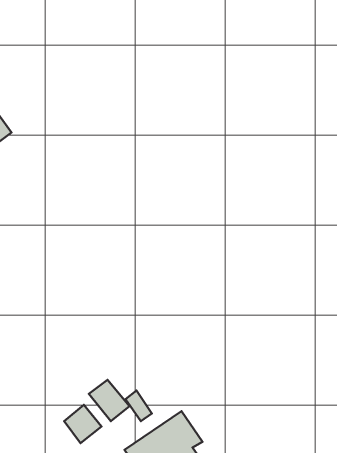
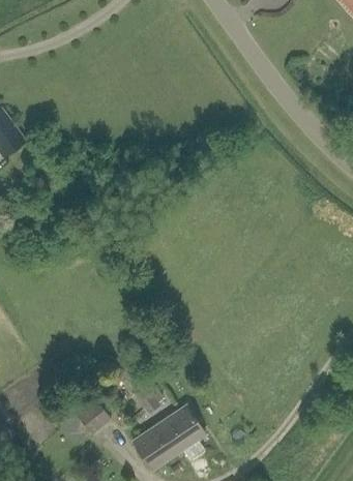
building: [89,380,129,421] -> none

